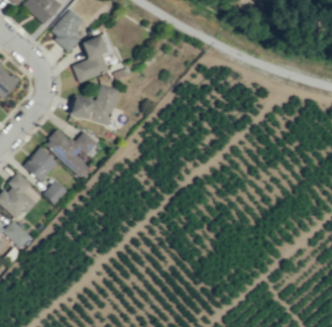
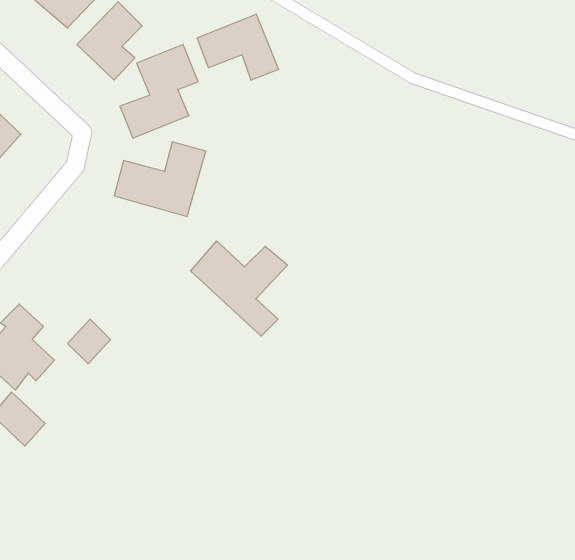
building: none -> [197,14,279,80]
building: [43,128,96,180] -> [190,241,287,336]
building: [23,147,58,182] -> none

